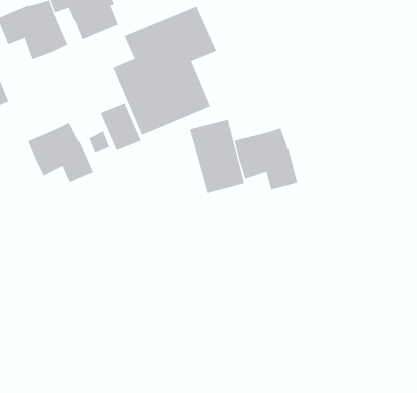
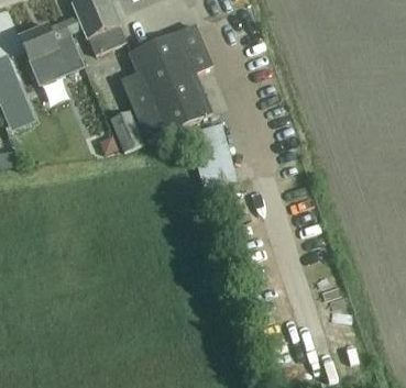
building: [28,122,94,183] -> none
building: [234,128,298,190] -> none

